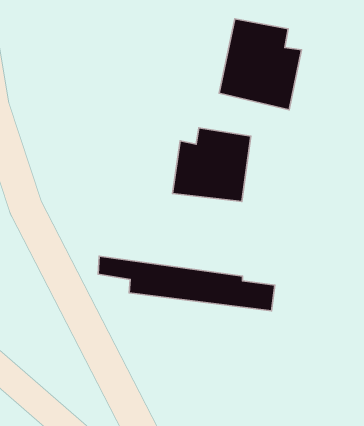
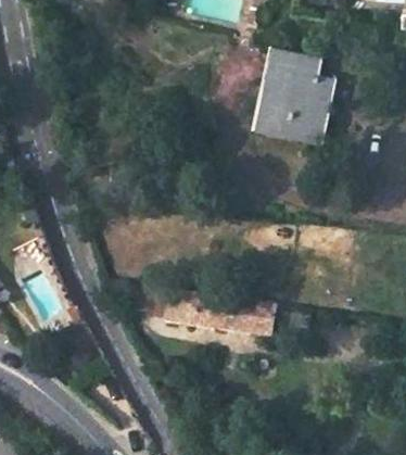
building: [172,128,251,201] -> none

